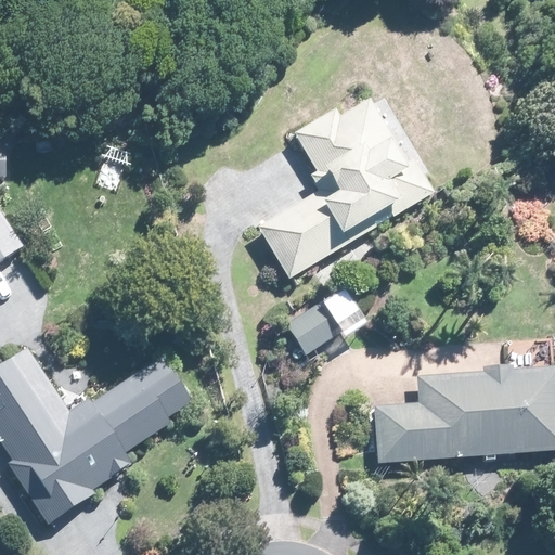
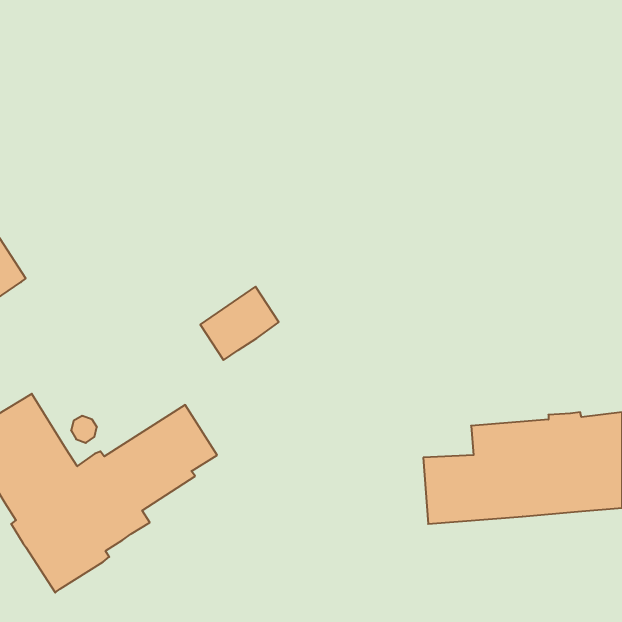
building: [260,98,435,278] -> none
building: [287,288,357,353] -> [200,287,279,360]

